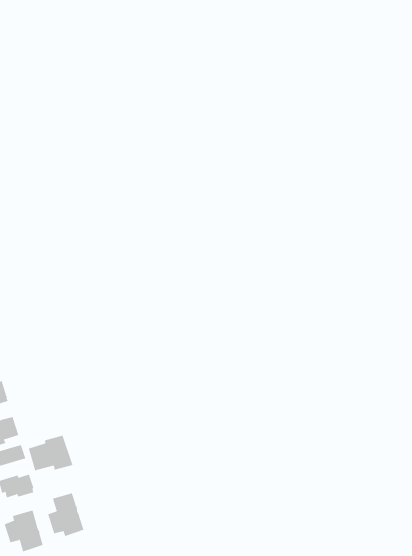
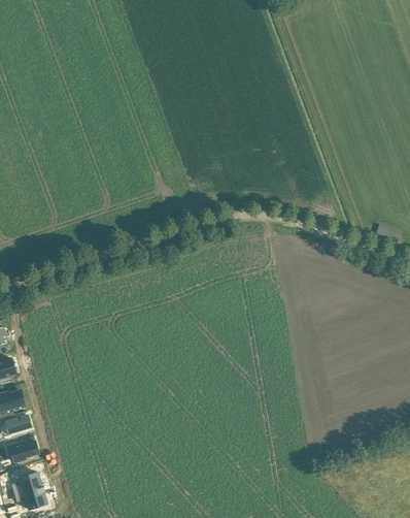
building: [28,435,73,471] -> none
building: [48,492,84,537] -> none

